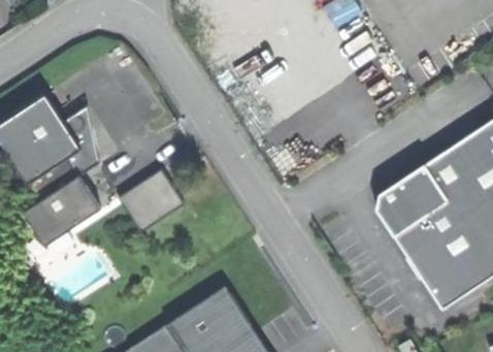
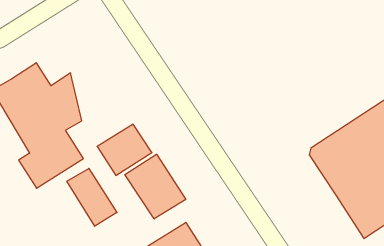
building: none -> [125,154,186,219]
building: none -> [67,168,117,226]

